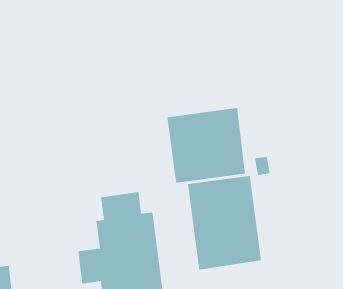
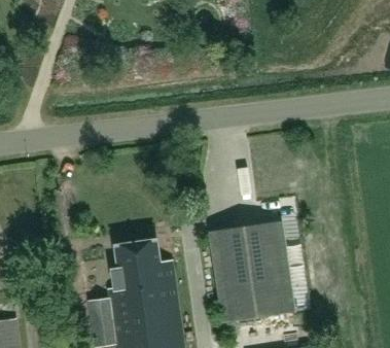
building: [167,107,246,183] -> none

